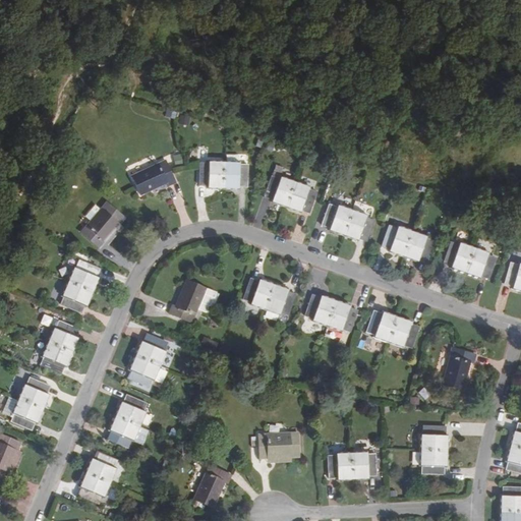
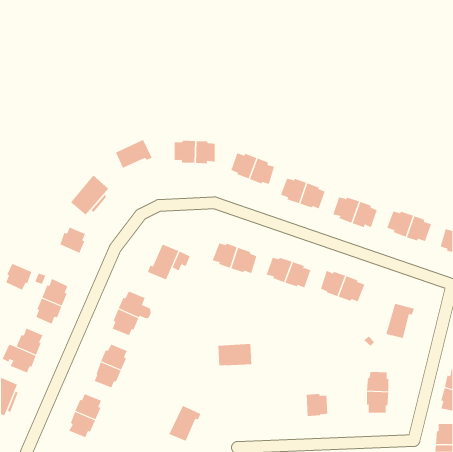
building: [61,281,92,312] -> [5,263,32,291]
building: [258,432,298,458] -> [217,344,252,366]
building: [328,453,352,479] -> none

